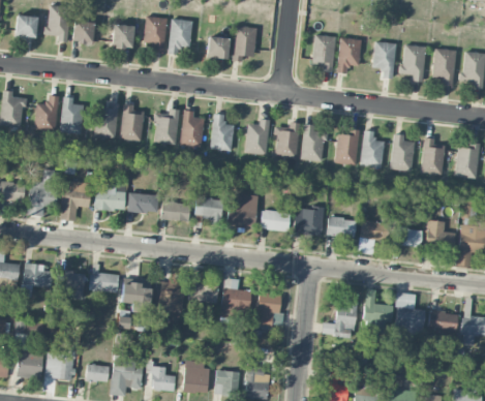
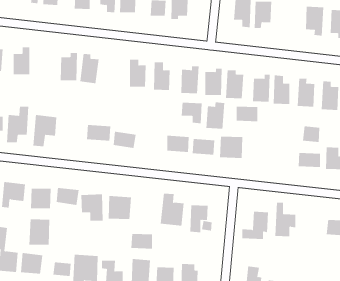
building: [372,41,397,79] -> none
building: [61,97,83,133] -> none
building: [155,109,179,145] -> none
building: none -> [206,101,225,130]
building: [95,181,125,210] -> none
building: [195,197,222,224] -> [181,102,202,124]
building: [328,217,356,237] -> [236,106,258,122]
building: [360,219,383,240] -> [302,126,320,142]
building: [189,283,217,303] -> [131,233,153,249]
building: [394,292,426,340] -> none
building: none -> [29,218,50,246]

